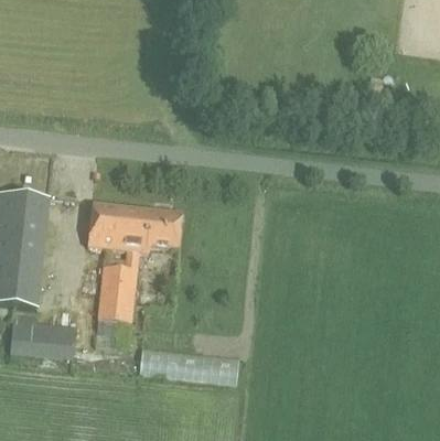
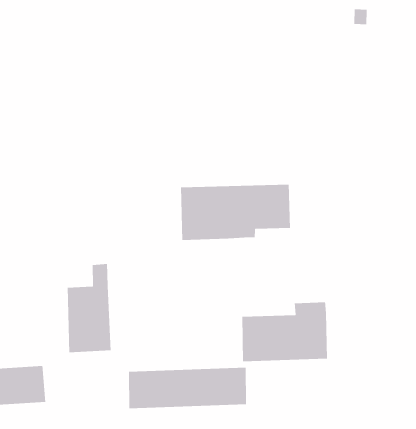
building: [87,201,182,251] -> [180,184,291,241]
building: none -> [241,301,328,362]

